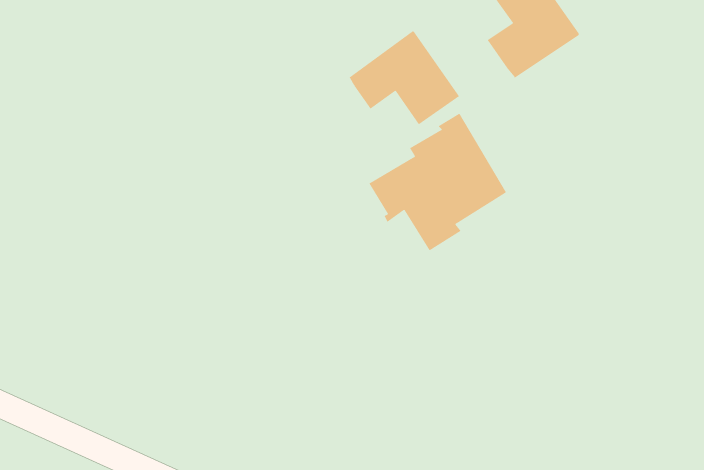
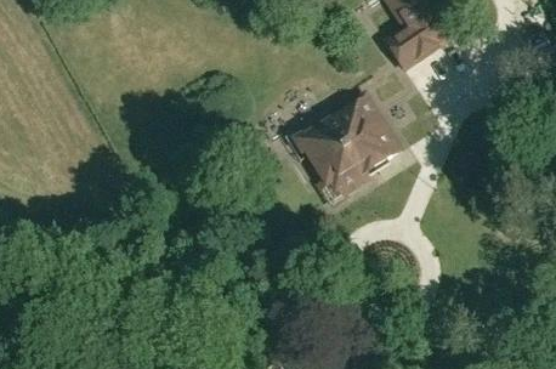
building: [348,31,460,125] -> none

